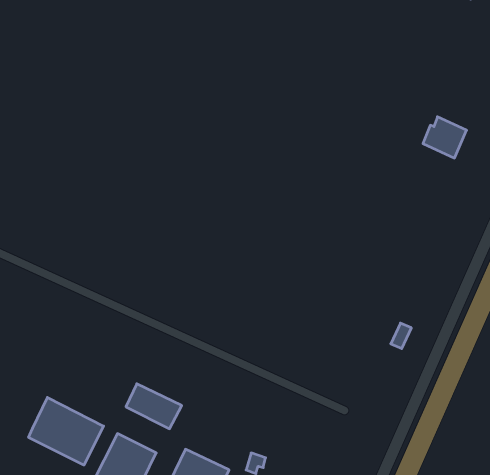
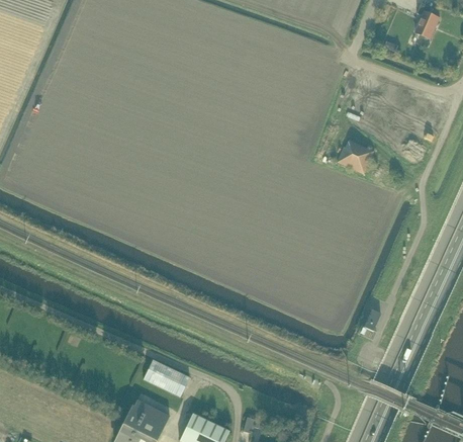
building: [423,117,467,158] -> [337,140,373,174]
building: [29,397,104,465] -> none

